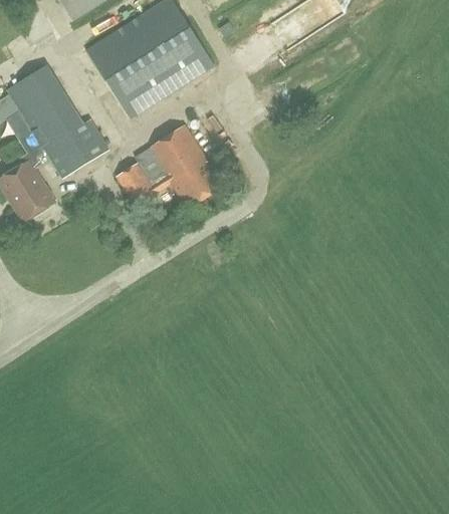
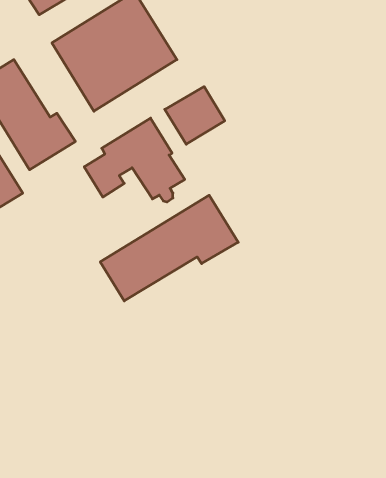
building: none -> [165,87,225,144]
building: none -> [100,195,238,301]

